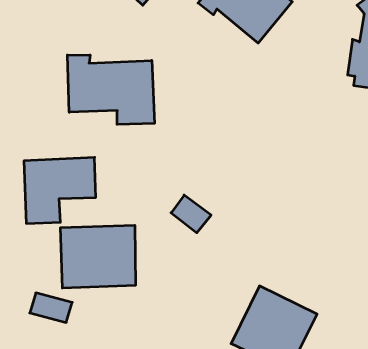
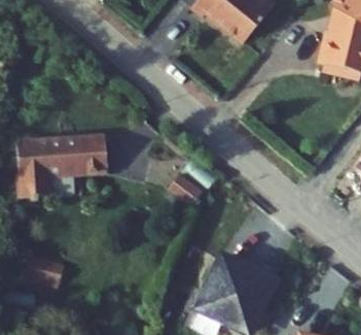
building: [67,55,154,124] -> none
building: none -> [84,138,112,174]
building: [61,225,135,288] -> none

